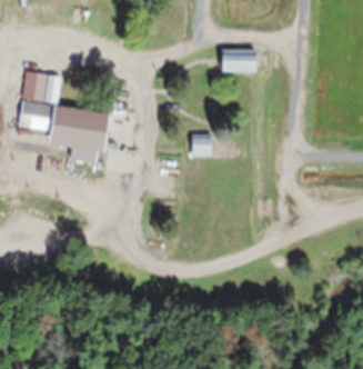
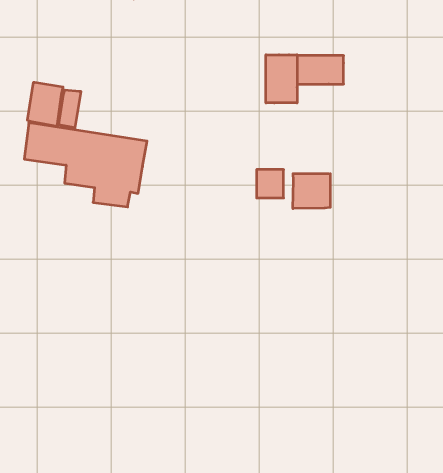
building: none -> [266,55,297,103]
building: none -> [293,174,330,209]

